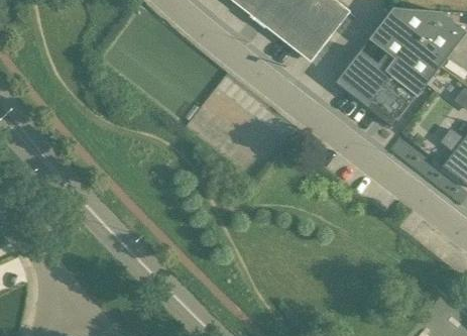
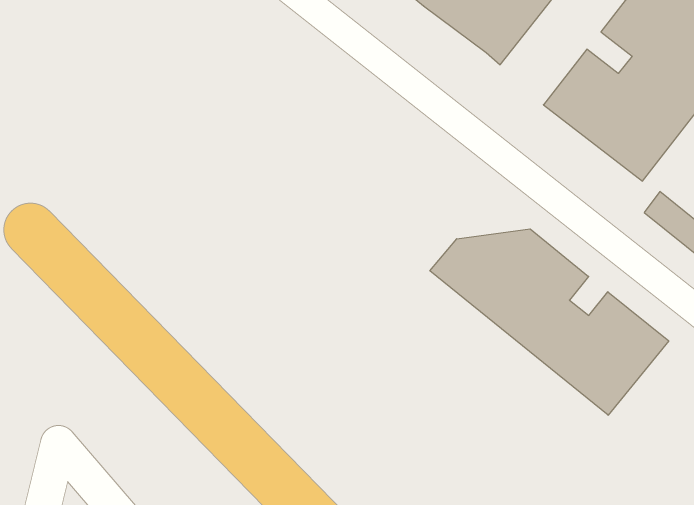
building: none -> [430,229,669,415]

